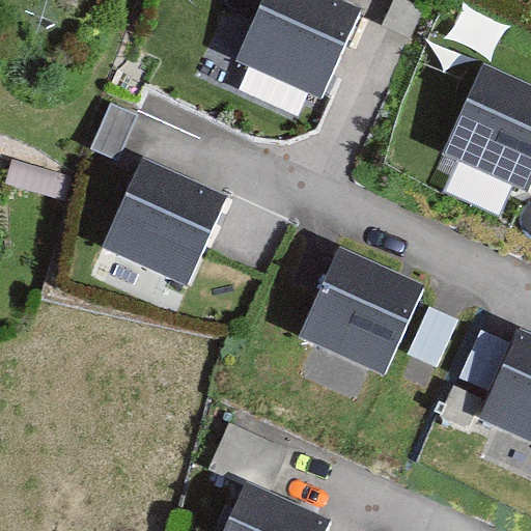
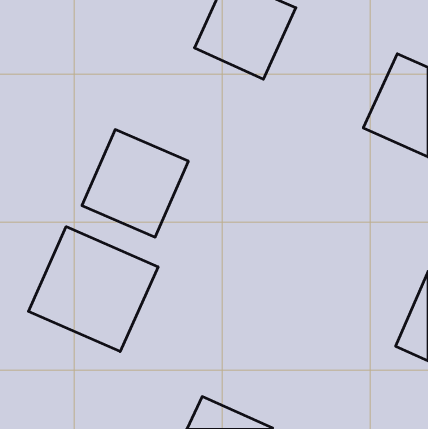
building: [301,250,424,375] -> none
building: none -> [28,227,158,352]

